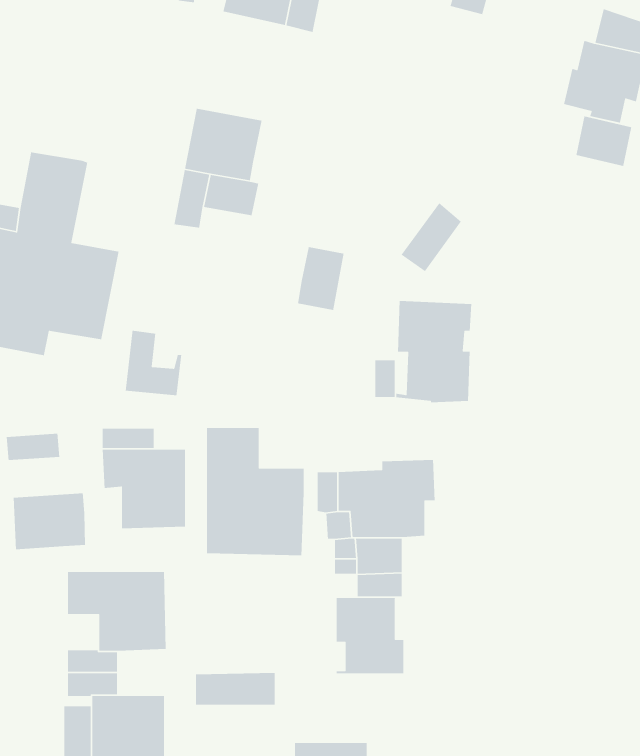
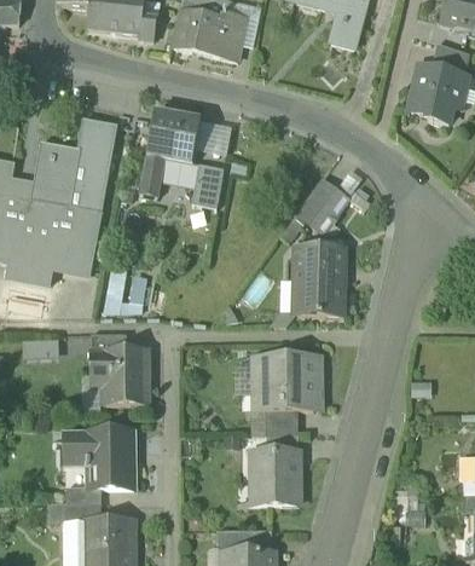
building: [575,116,632,167] -> none
building: none -> [69,120,117,212]
building: none -> [195,121,231,156]
building: [297,246,344,311] -> [191,163,224,208]
building: [206,427,304,556] -> none
building: [13,493,86,550] -> none
building: [195,672,276,705] -> [218,529,273,551]

